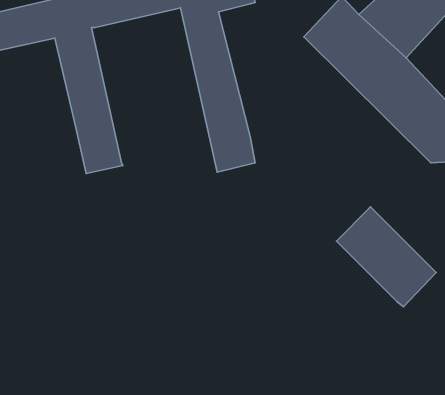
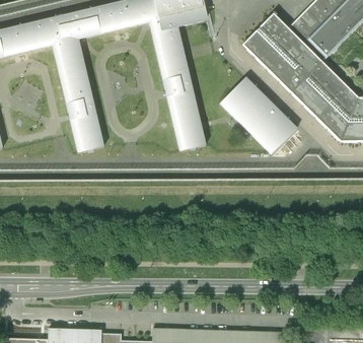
building: [337,207,436,307] -> [219,76,296,153]

